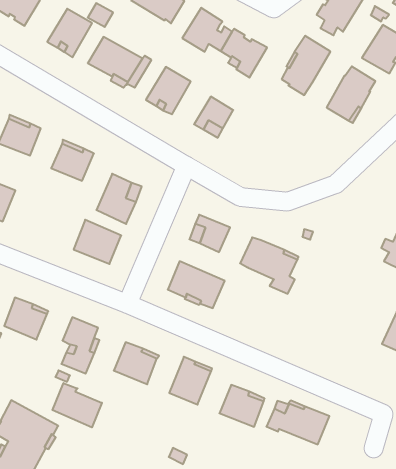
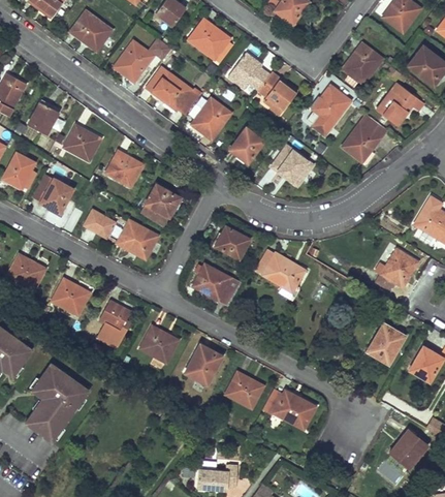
building: none -> [271,145,313,186]
building: none -> [84,210,114,237]
building: [52,383,102,427] -> none

